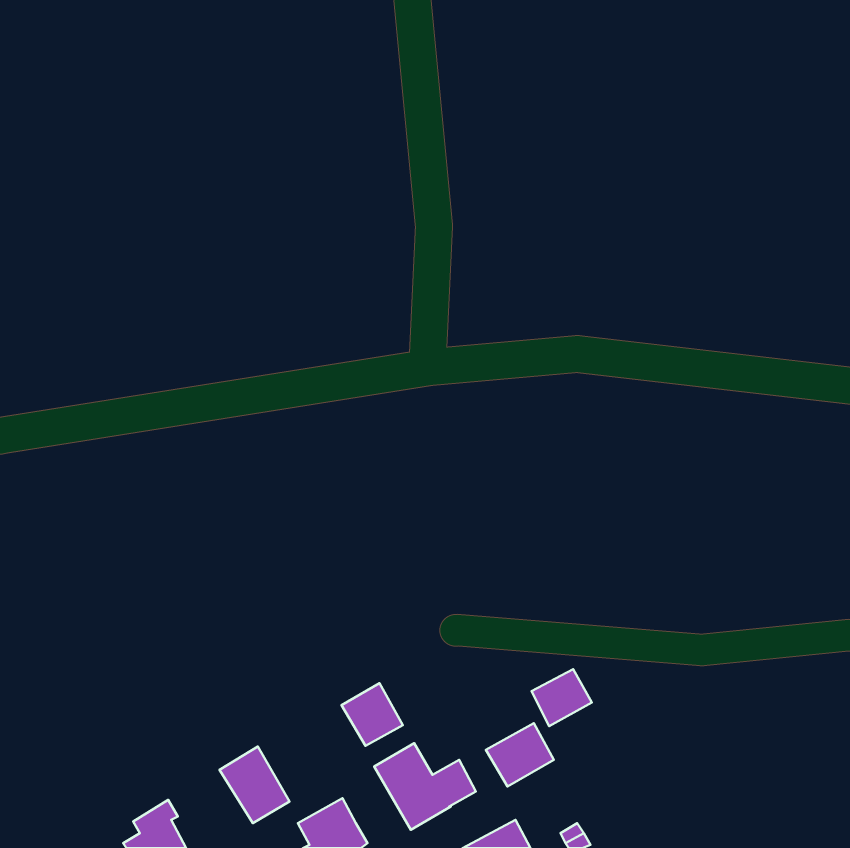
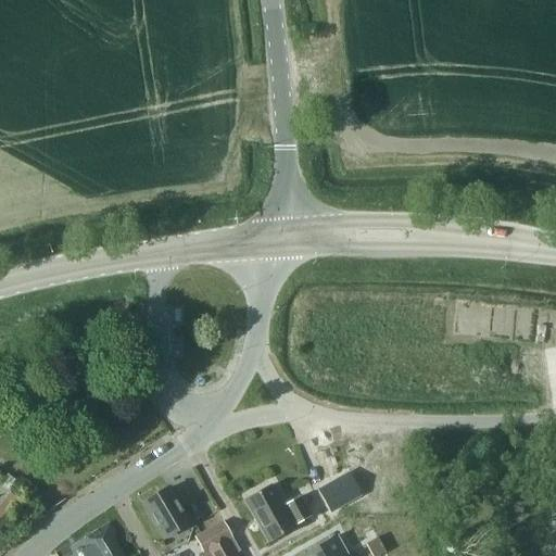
building: [531,669,592,726] -> none
building: [342,683,403,746] -> none

